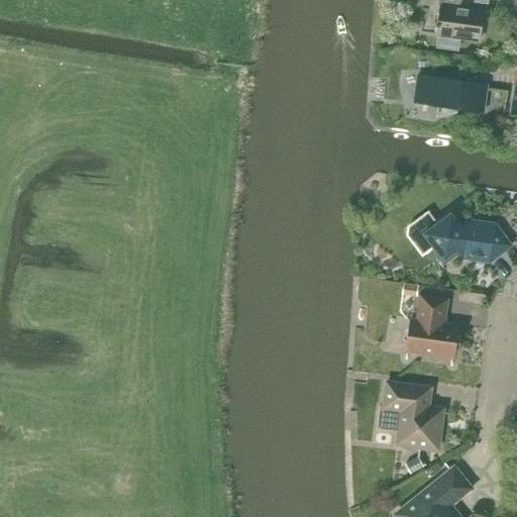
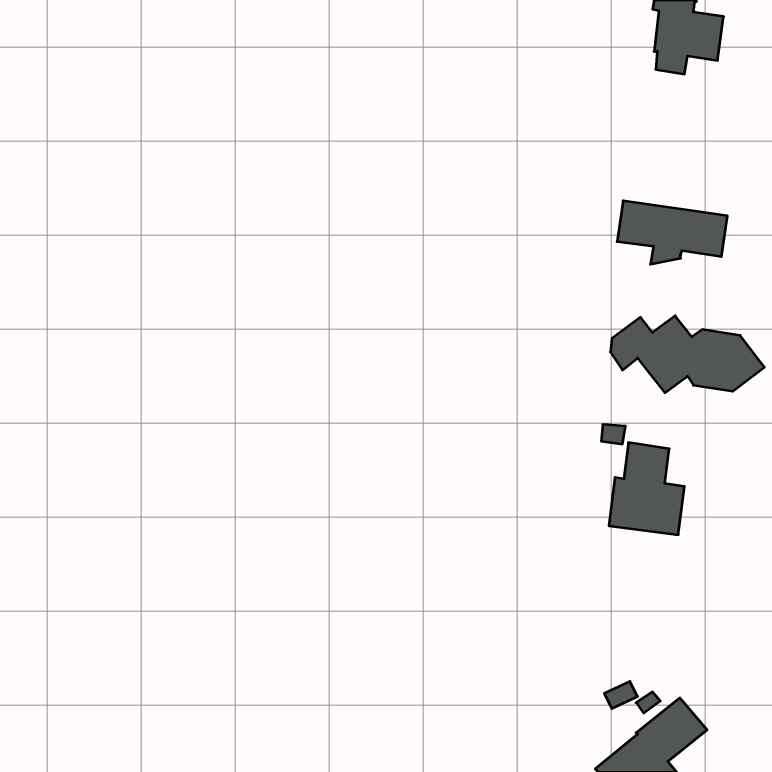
building: [414,75,488,117] -> [617,201,727,264]
building: [381,382,442,449] -> none

